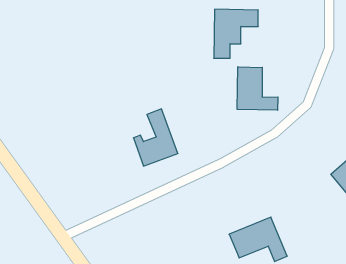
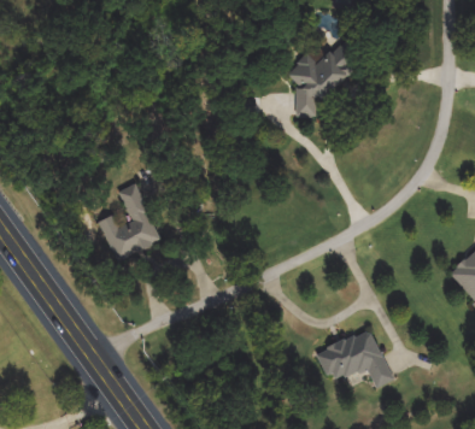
building: [237,67,278,110] -> none
building: [133,109,178,166] -> [101,183,160,259]

